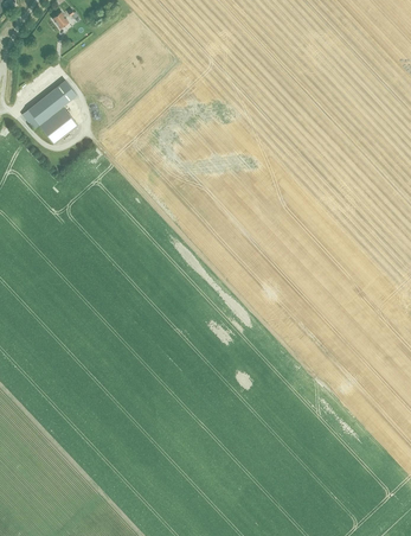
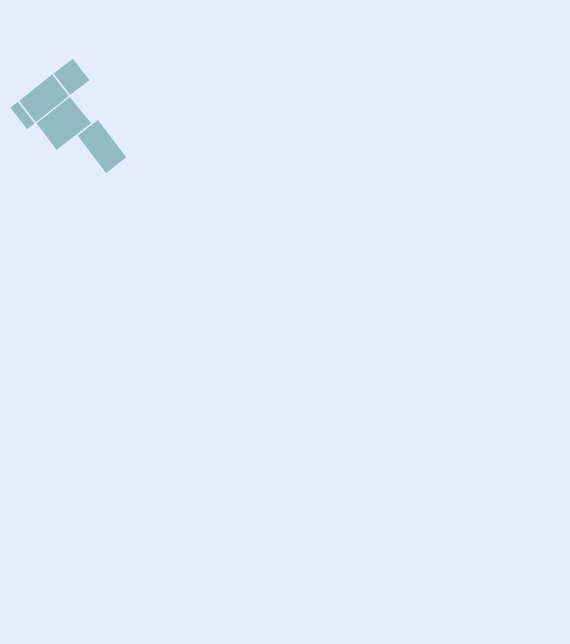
building: none -> [77,119,127,174]

